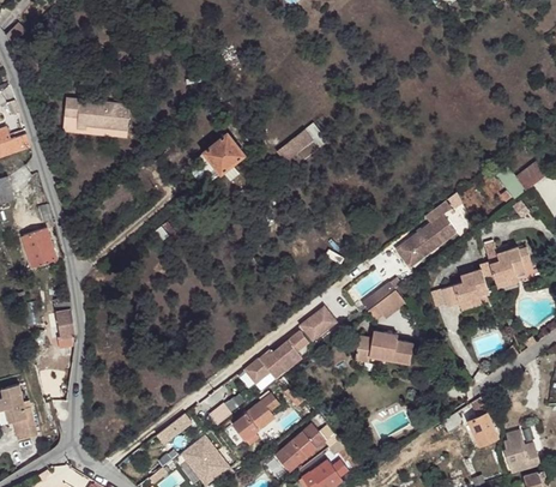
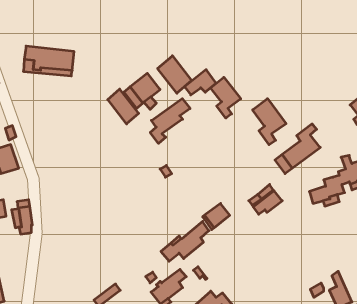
building: none -> [158,56,192,93]
building: none -> [211,77,241,118]
building: none -> [108,89,139,124]
building: none -> [253,99,286,145]
building: none -> [150,99,190,143]
building: [355,330,412,362] -> none

